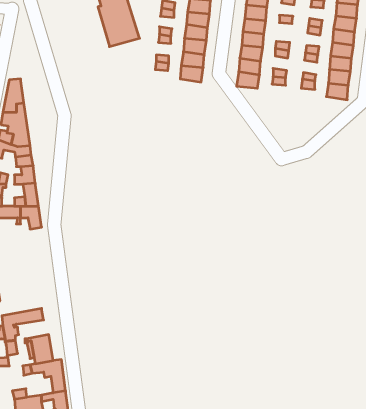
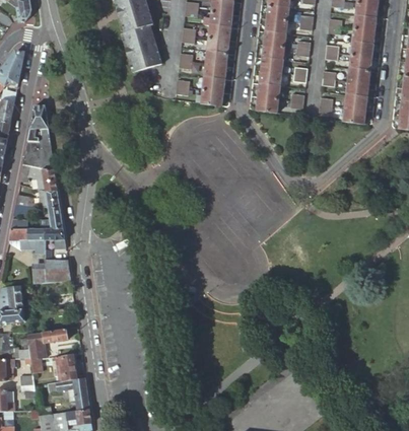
building: none -> [32,258,71,283]

